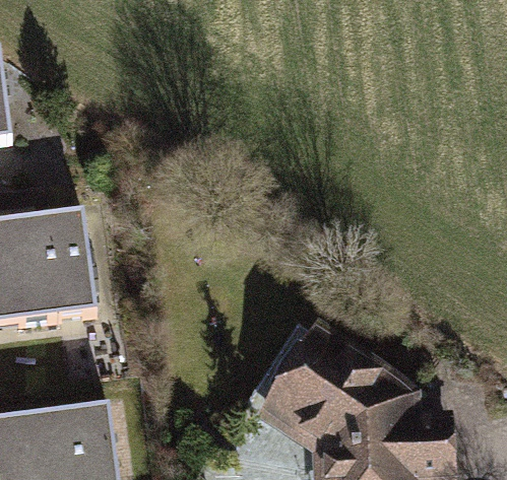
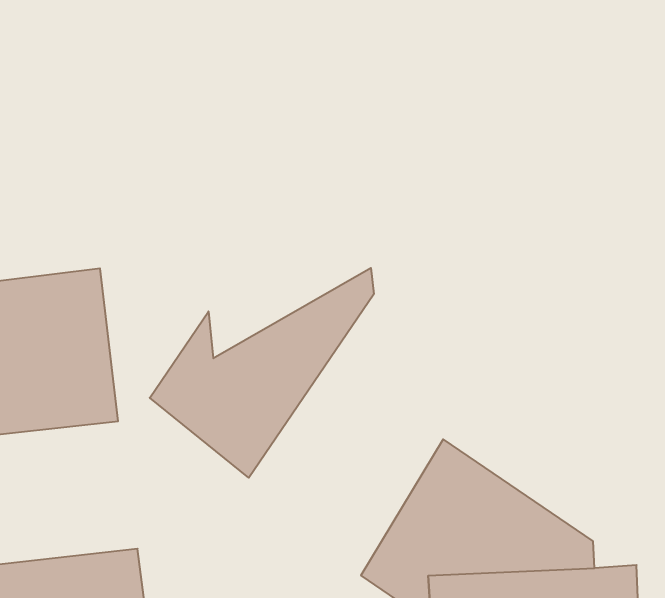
building: none -> [150,268,374,478]

